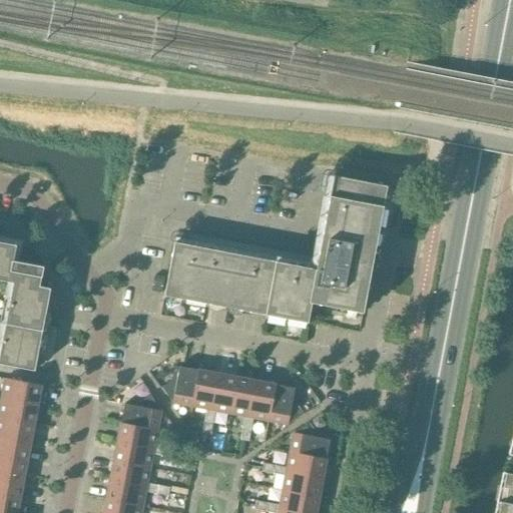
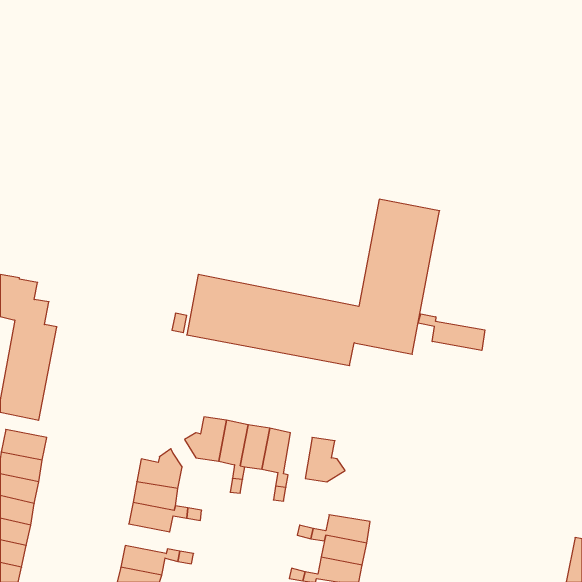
building: none -> [418,314,485,350]
building: [249,381,275,421] -> none
building: [290,422,330,459] -> none
building: [110,461,149,487] -> none

